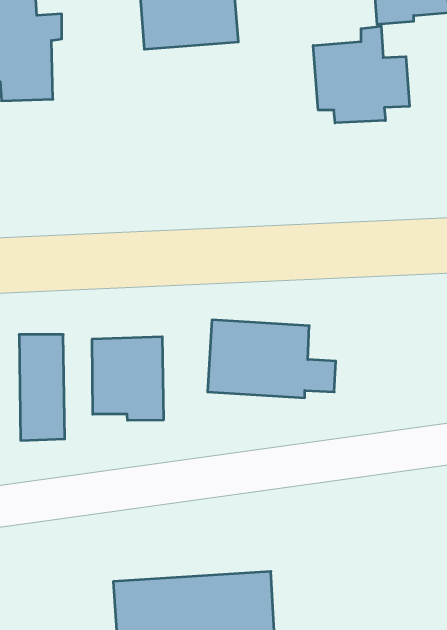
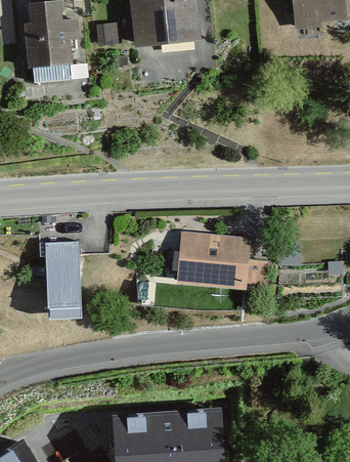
building: [313,26,409,123] -> none
building: [92,337,163,420] -> none

